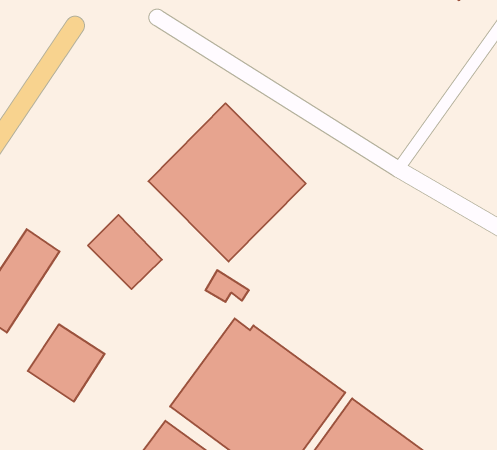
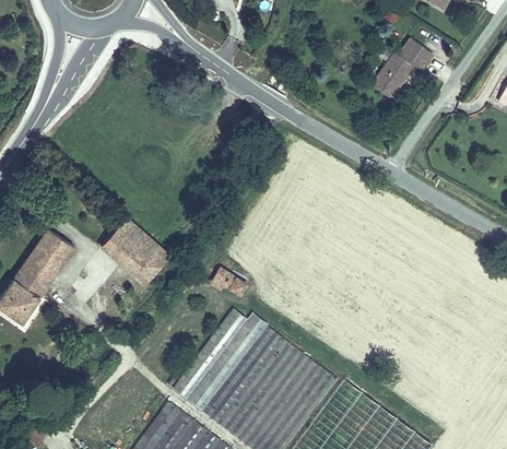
building: none -> [376,42,436,103]
building: [148,103,306,262] -> none
building: [28,324,105,402] -> none

